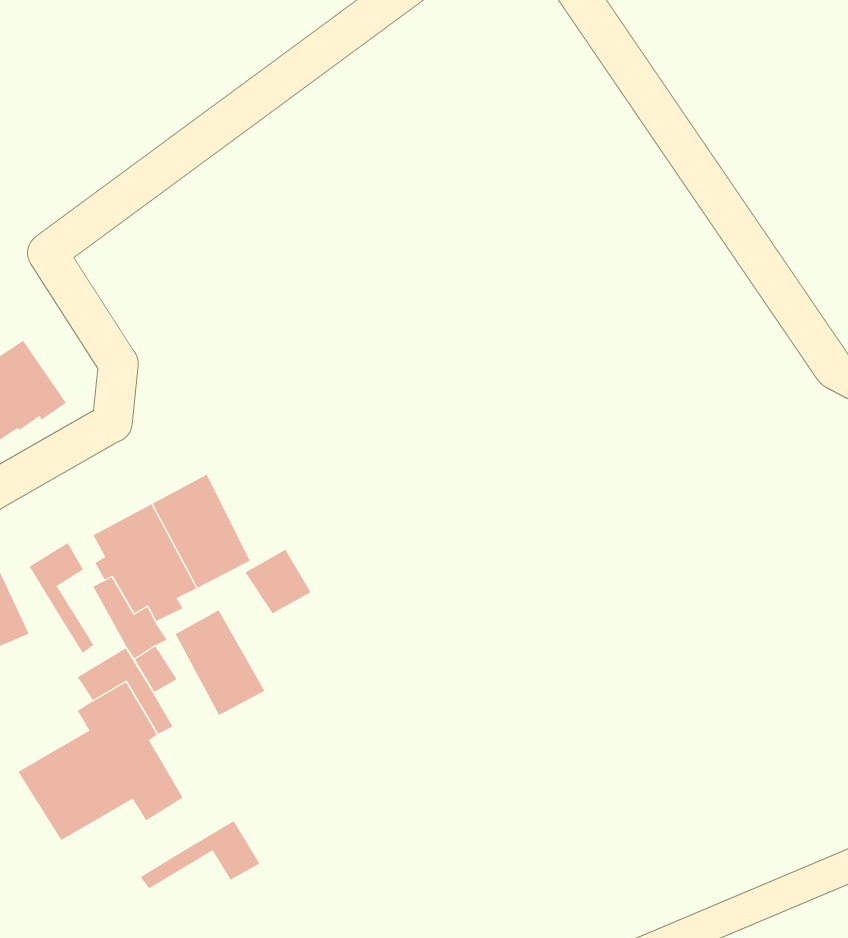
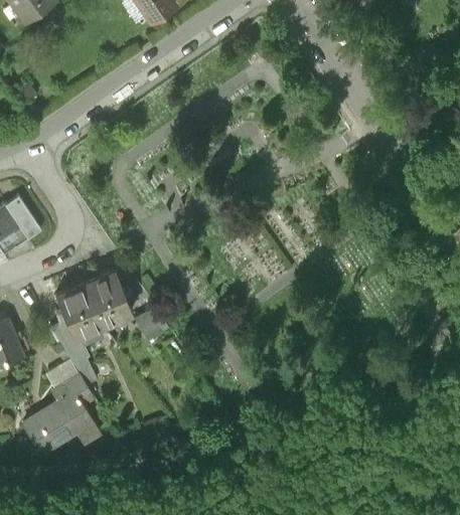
building: [29,542,94,654] -> none
building: [175,609,265,716] -> none
building: [140,820,260,889] -> none

